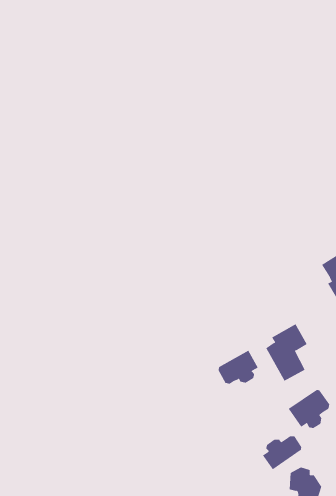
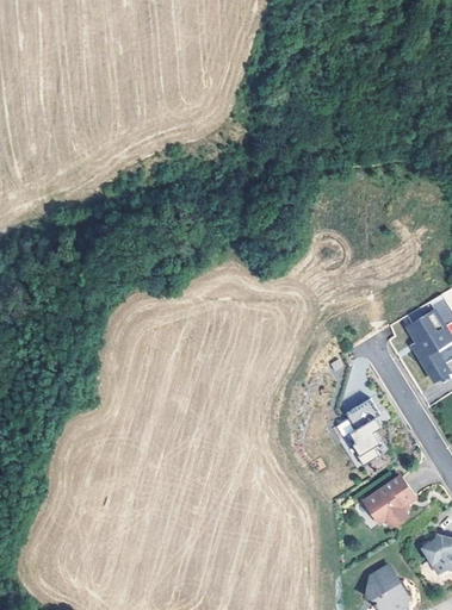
building: [218,350,258,385] -> none
building: [262,435,302,470] -> none

